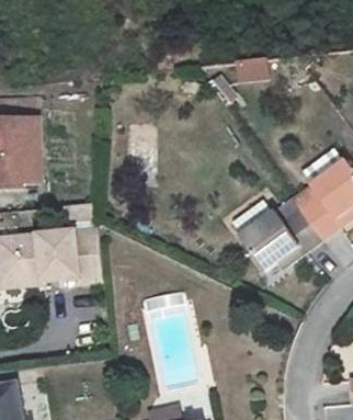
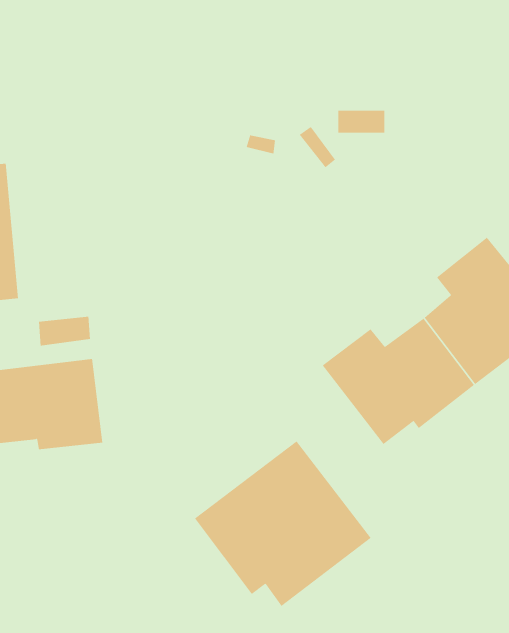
building: none -> [194,441,371,607]

